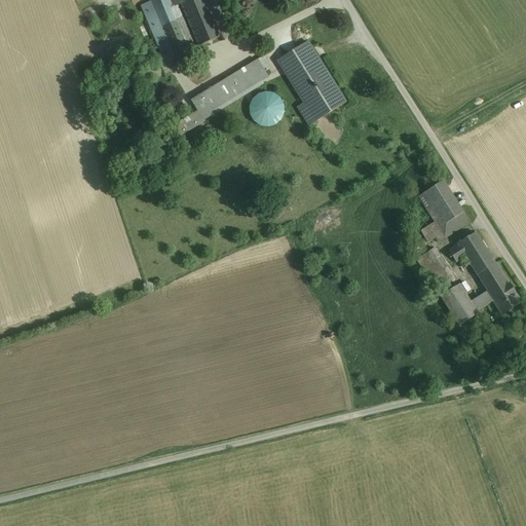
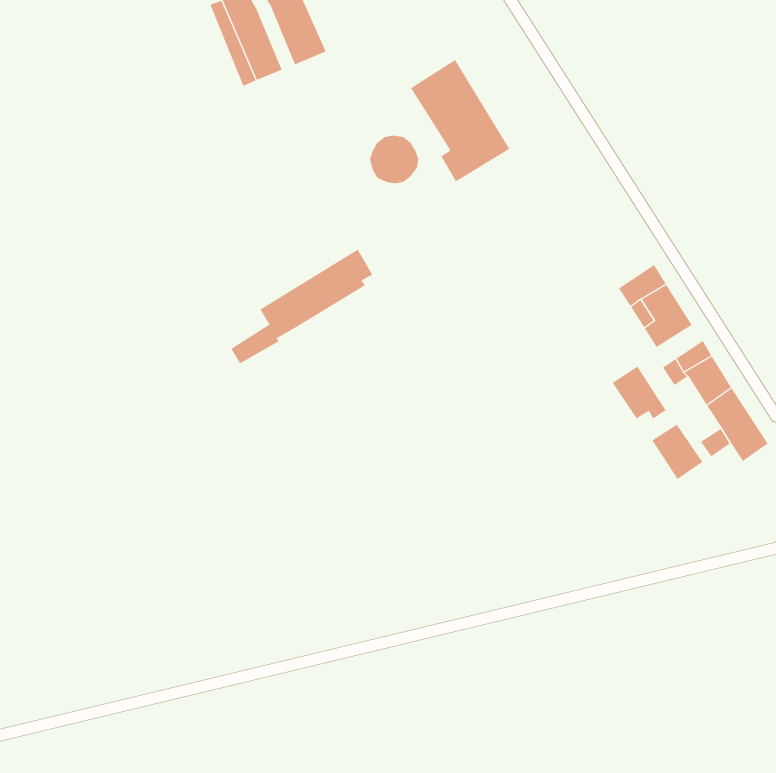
building: [172,58,268,136] -> [231,249,373,364]

